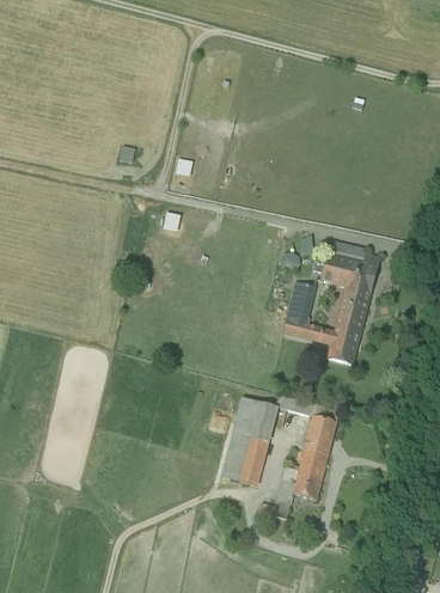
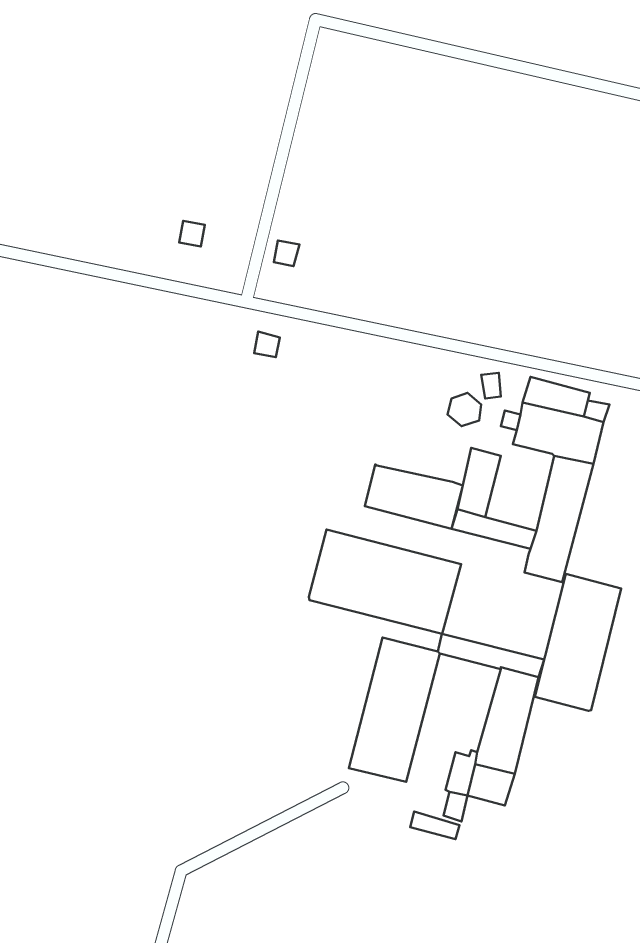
building: none -> [365,465,463,529]
building: none -> [309,529,461,634]
building: none -> [535,574,621,711]

